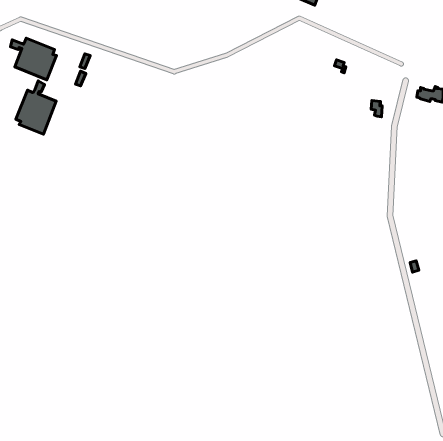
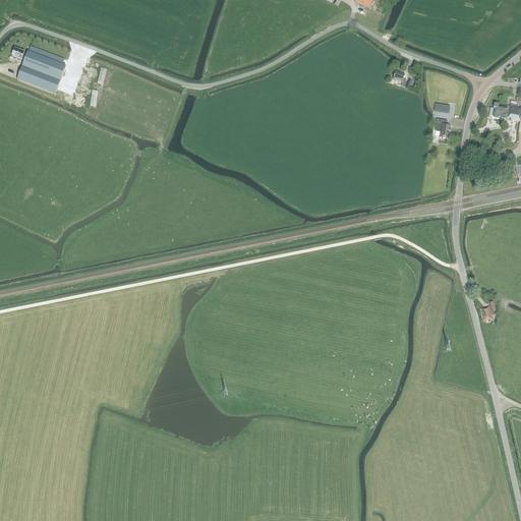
building: [16,81,56,134] -> none

